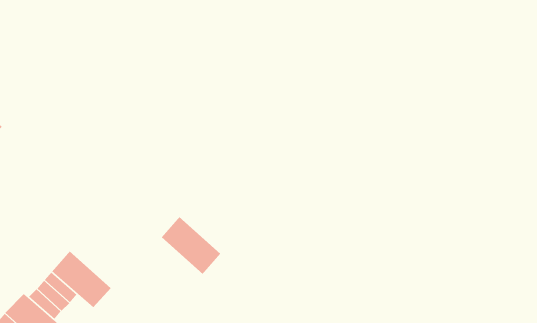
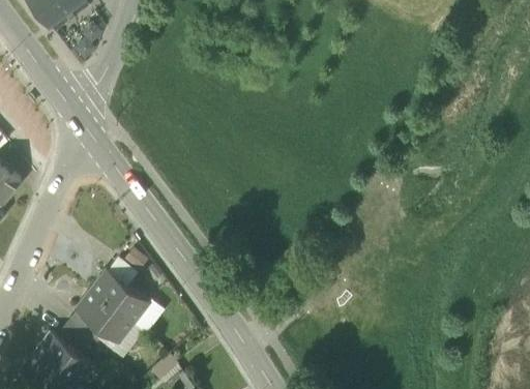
building: [161,216,221,275] -> [91,269,148,322]

